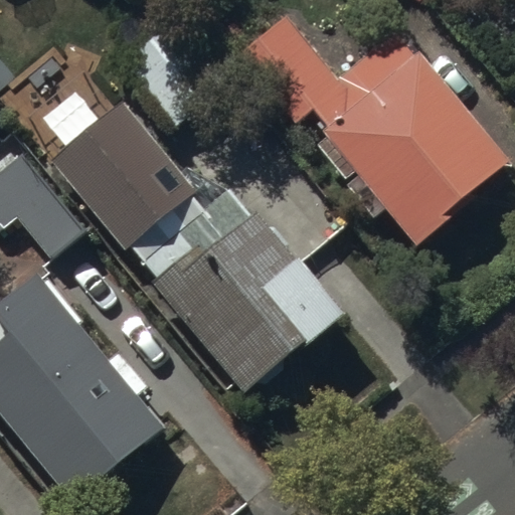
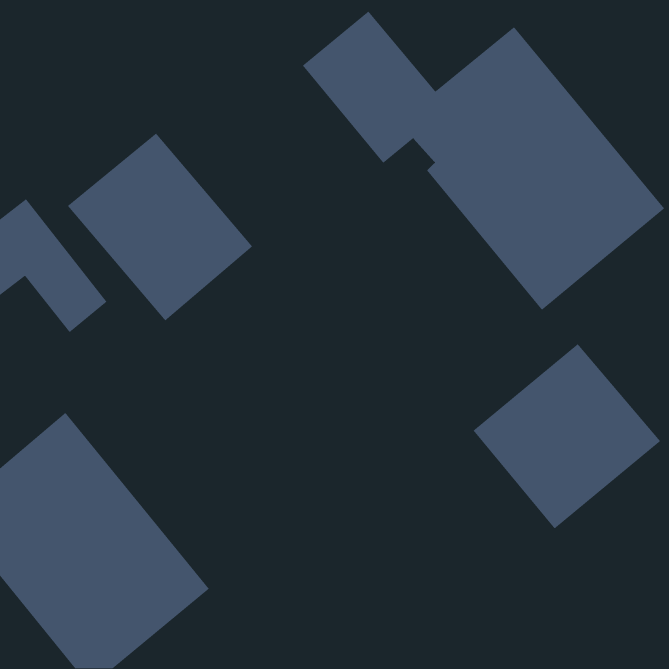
building: [150,205,338,389] -> none
building: none -> [472,343,661,529]

